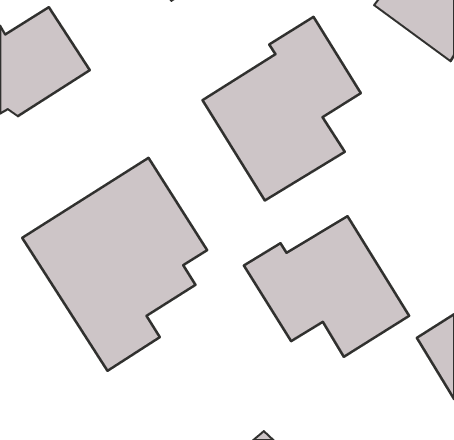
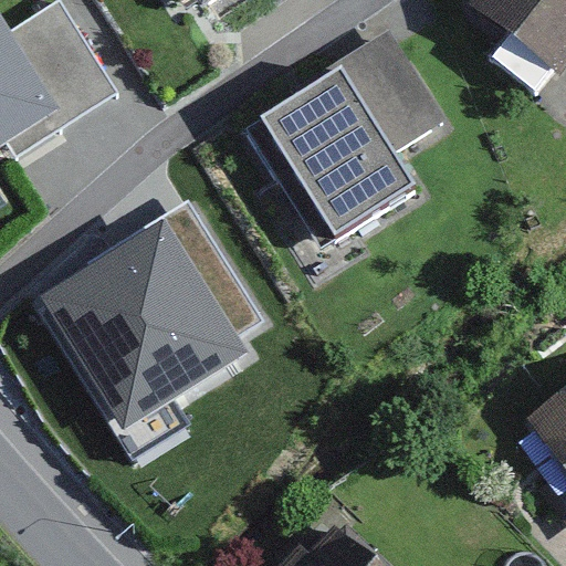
building: [244,216,409,357] -> none

